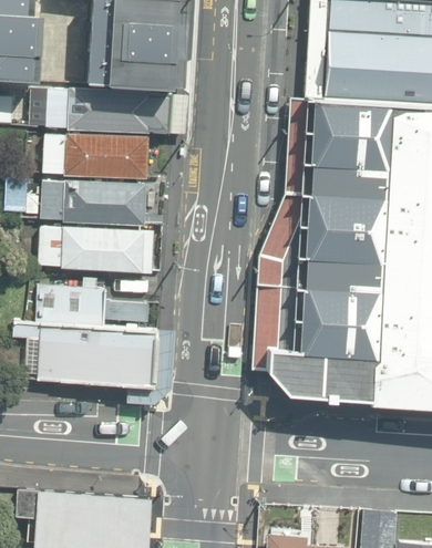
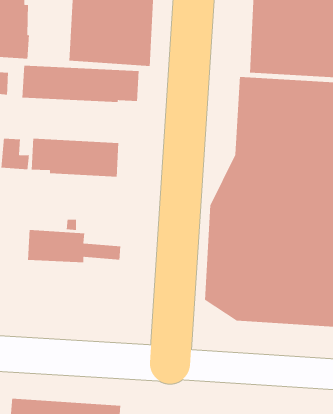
building: [45,135,151,179] -> none
building: [41,228,145,272] -> none
building: [14,325,158,391] -> none

